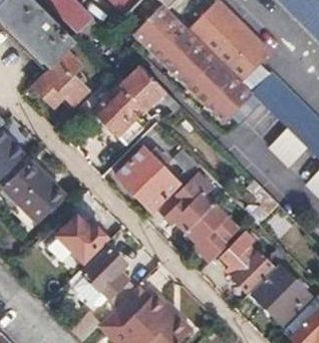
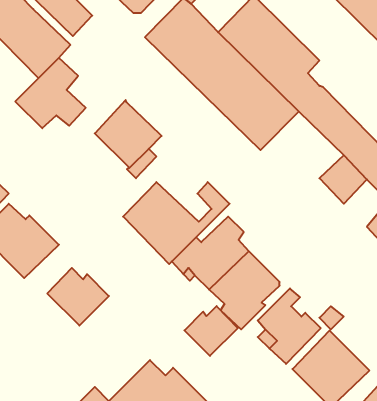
building: [118,64,180,111] -> none
building: none -> [184,306,238,356]
building: [82,247,124,298] -> none

